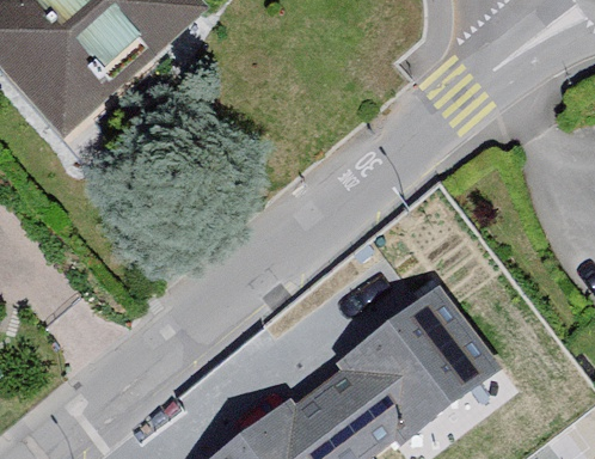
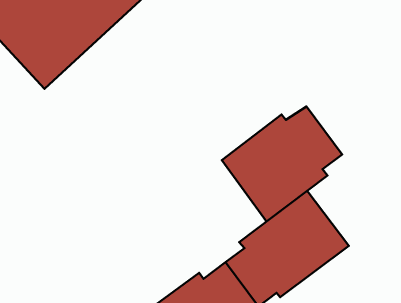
building: none -> [222,107,342,222]

